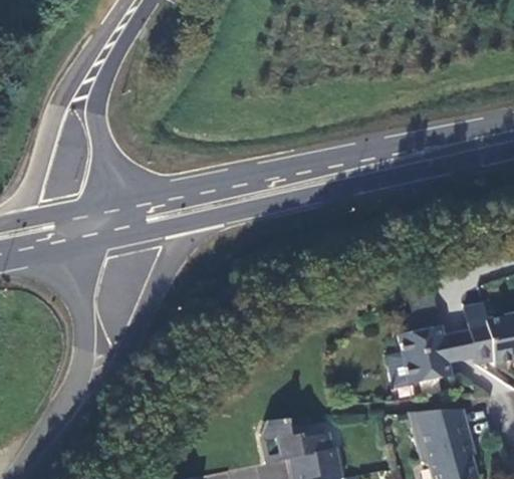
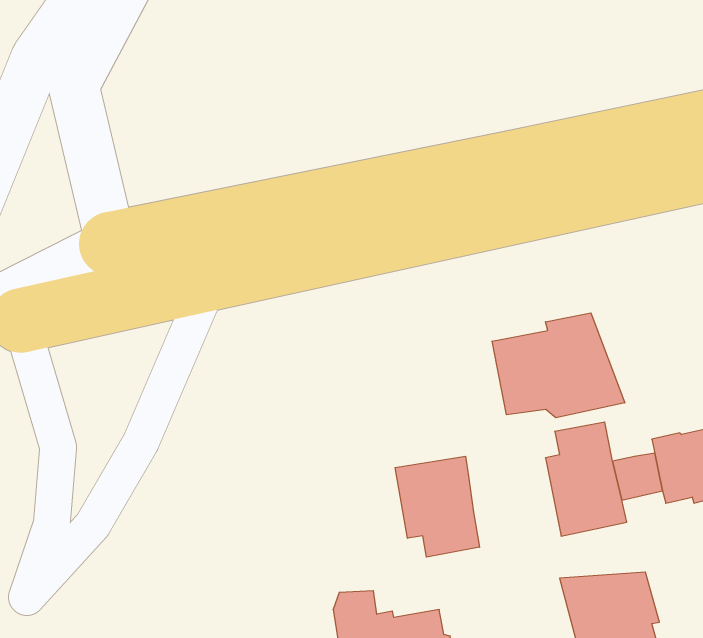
building: none -> [492,313,625,418]
building: none -> [395,456,480,557]

